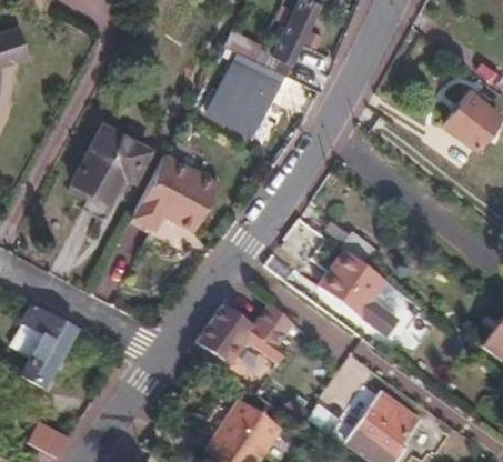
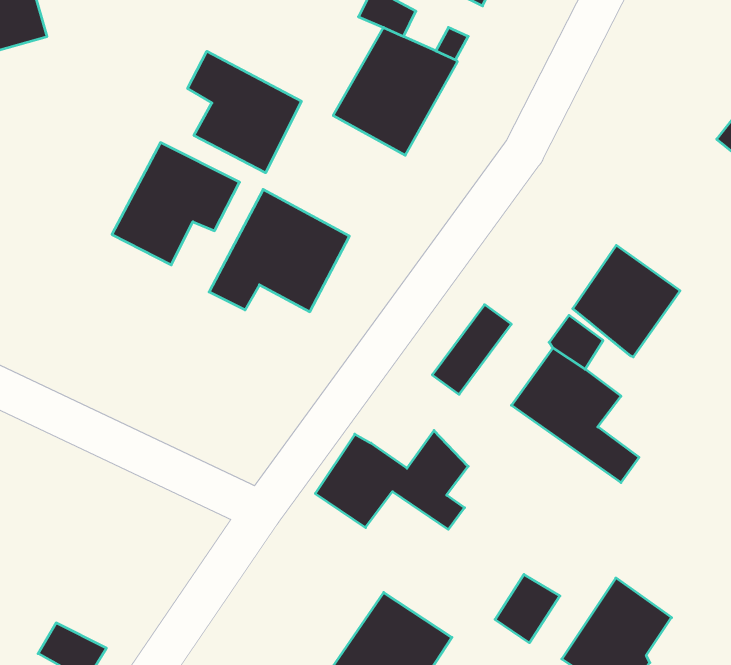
building: none -> [188,51,301,173]
building: none -> [573,245,680,357]
building: [9,305,76,386] -> none

